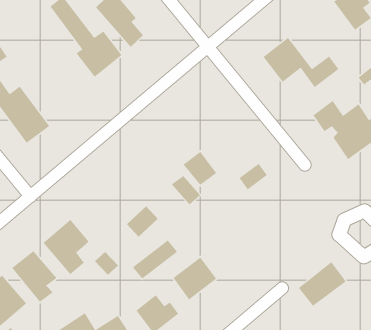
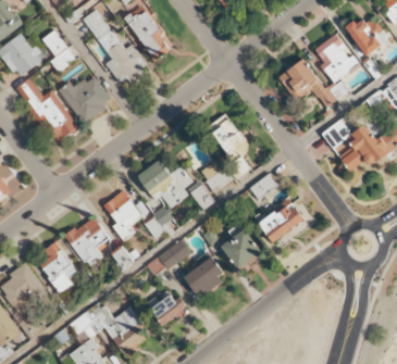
building: none -> [311,34,359,81]
building: none -> [41,29,75,72]
building: none -> [58,74,112,123]
building: none -> [208,113,240,153]
building: none -> [136,159,191,208]
building: none -> [102,189,142,240]
building: none -> [220,228,260,268]
building: [298,261,347,307] -> [258,200,303,241]

